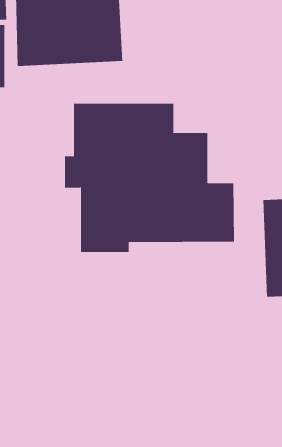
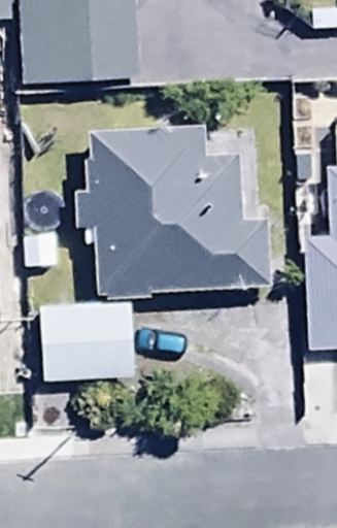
building: none -> [42,303,134,381]

